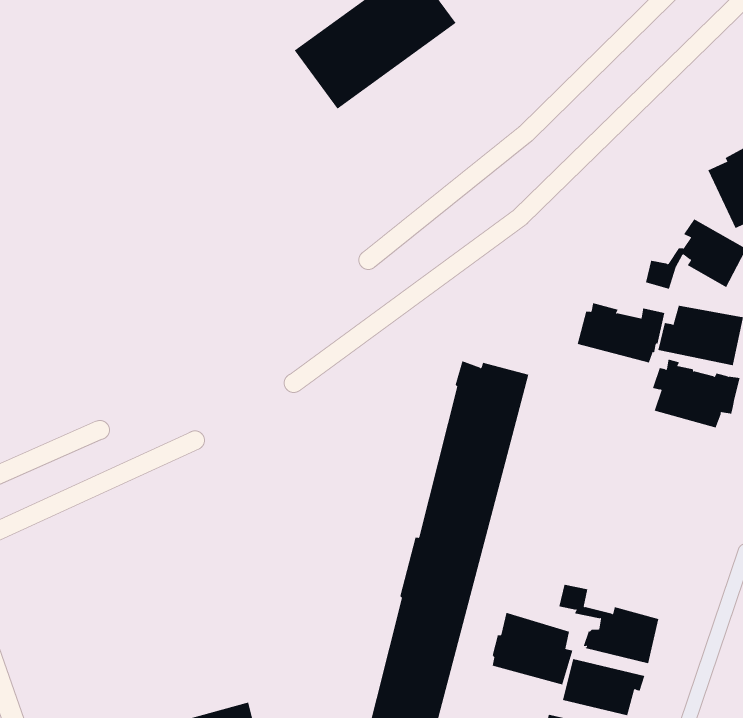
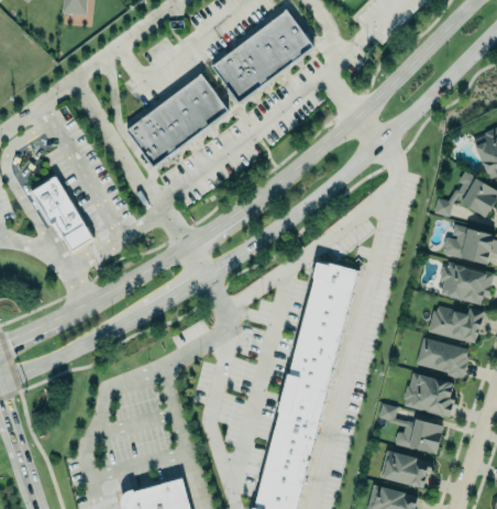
building: none -> [126,74,228,165]
building: none -> [29,176,92,253]
building: [577,303,665,363] -> [427,305,483,343]
building: none -> [416,339,472,377]
building: [492,612,573,685] -> [404,372,455,418]

